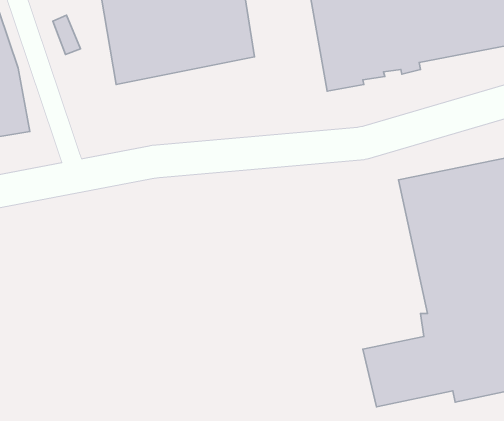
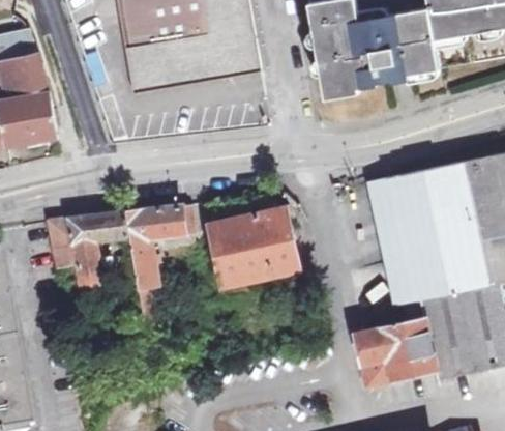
building: none -> [364,179,413,303]
building: none -> [47,203,192,328]
building: none -> [210,207,298,284]

